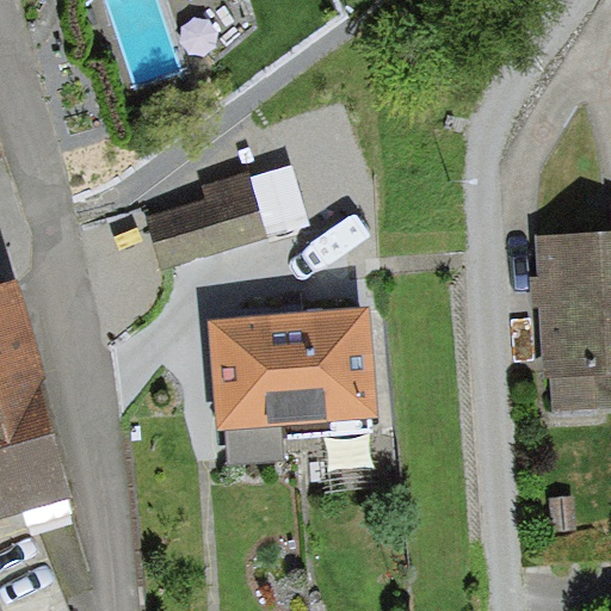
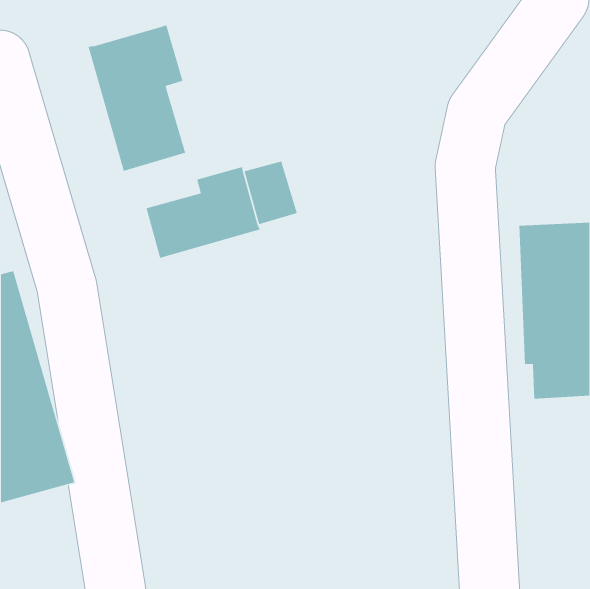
building: none -> [88,24,186,172]
building: [211,309,378,463] -> none

